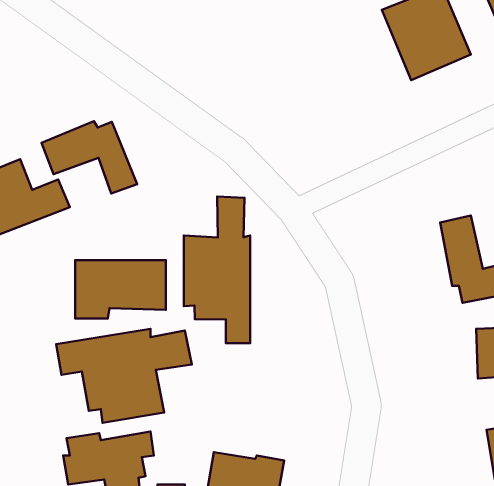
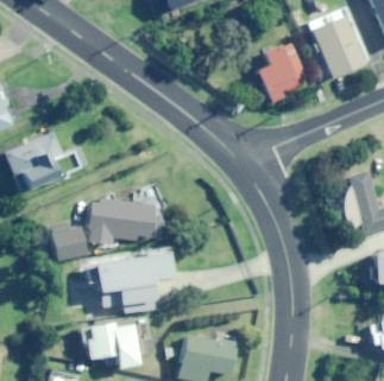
building: none -> [256,42,303,102]
building: [42,121,137,194] -> none
building: [184,196,250,343] -> none
building: none -> [51,227,88,261]

